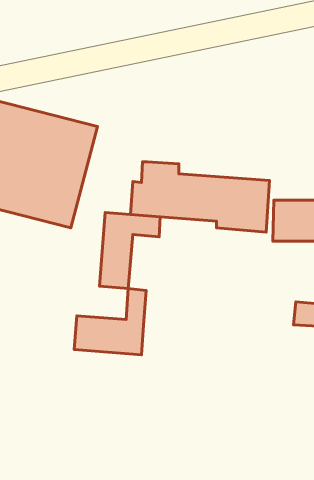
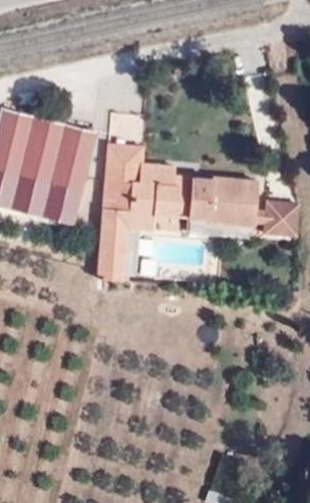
building: none -> [104,146,144,213]
building: [74,289,146,355] -> none

